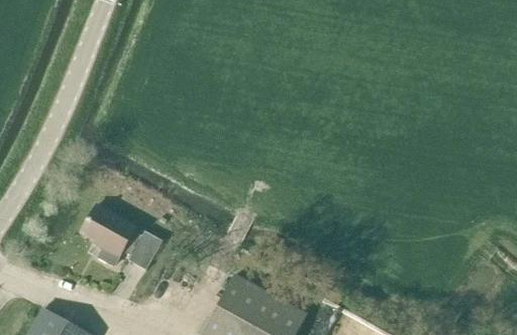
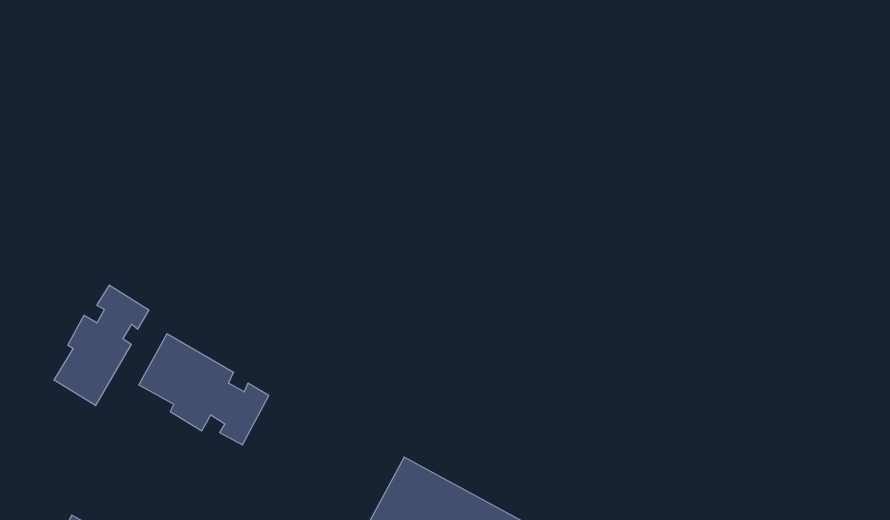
building: none -> [54,285,149,406]

